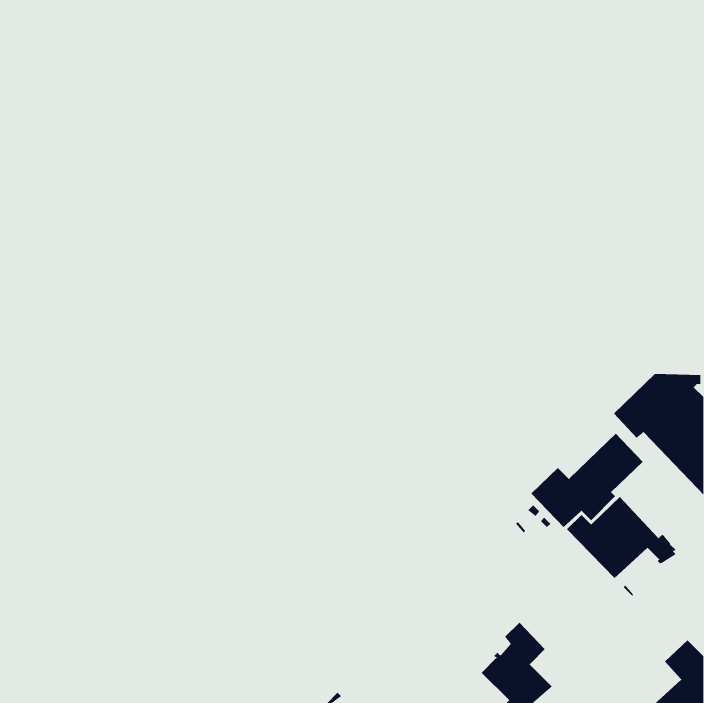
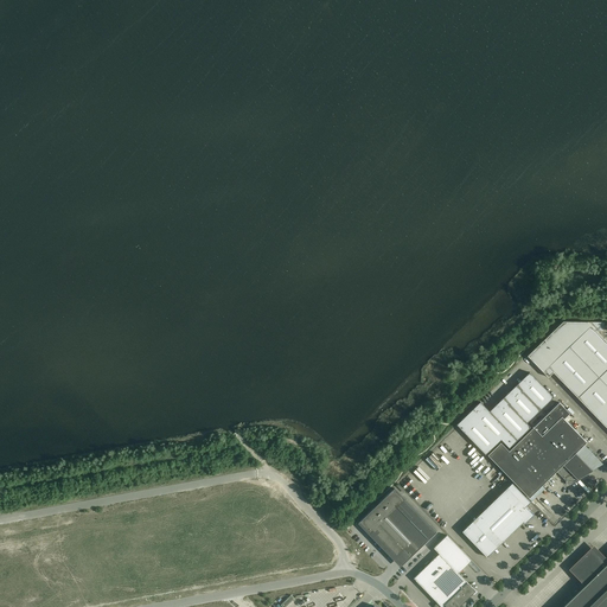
building: none -> [533,403,593,478]
building: none -> [461,469,533,558]
building: none -> [358,490,436,558]

